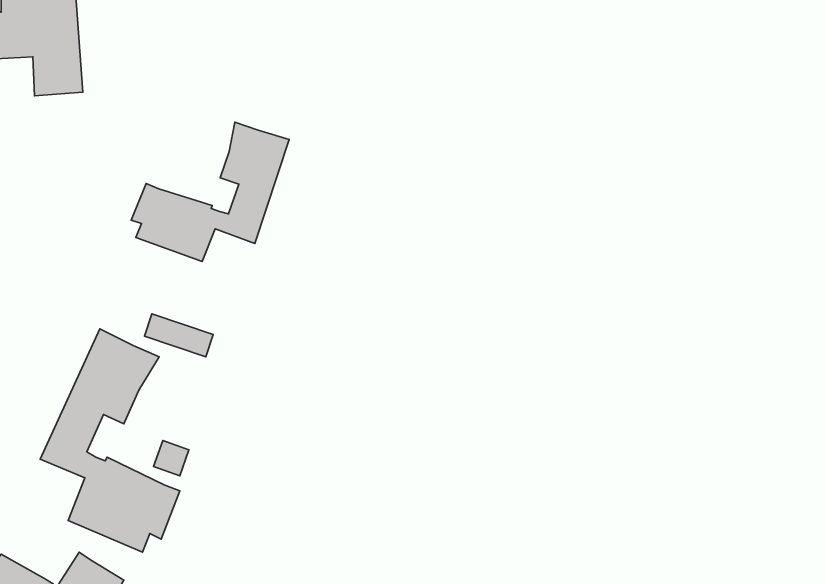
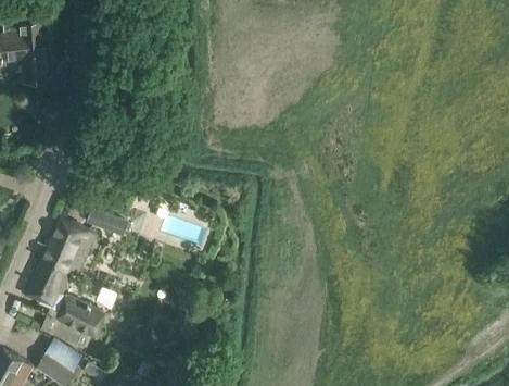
building: [131,122,289,261] -> none

